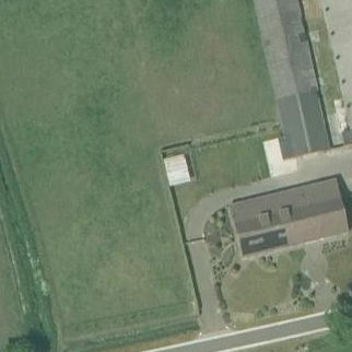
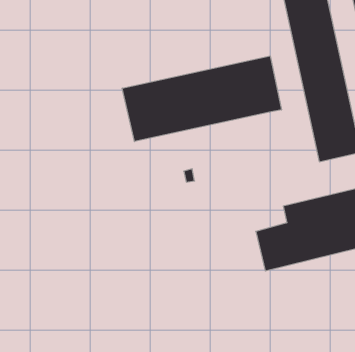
building: none -> [122,56,281,142]

